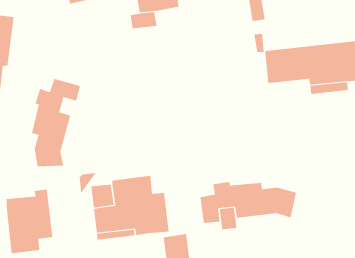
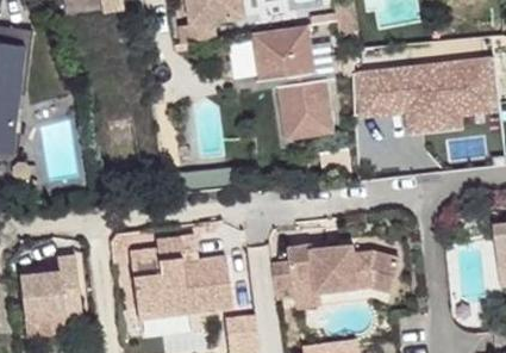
building: none -> [252,26,335,141]
building: [32,78,80,167] -> none

